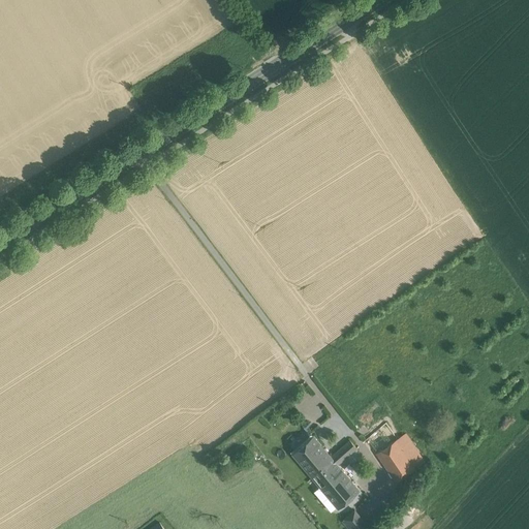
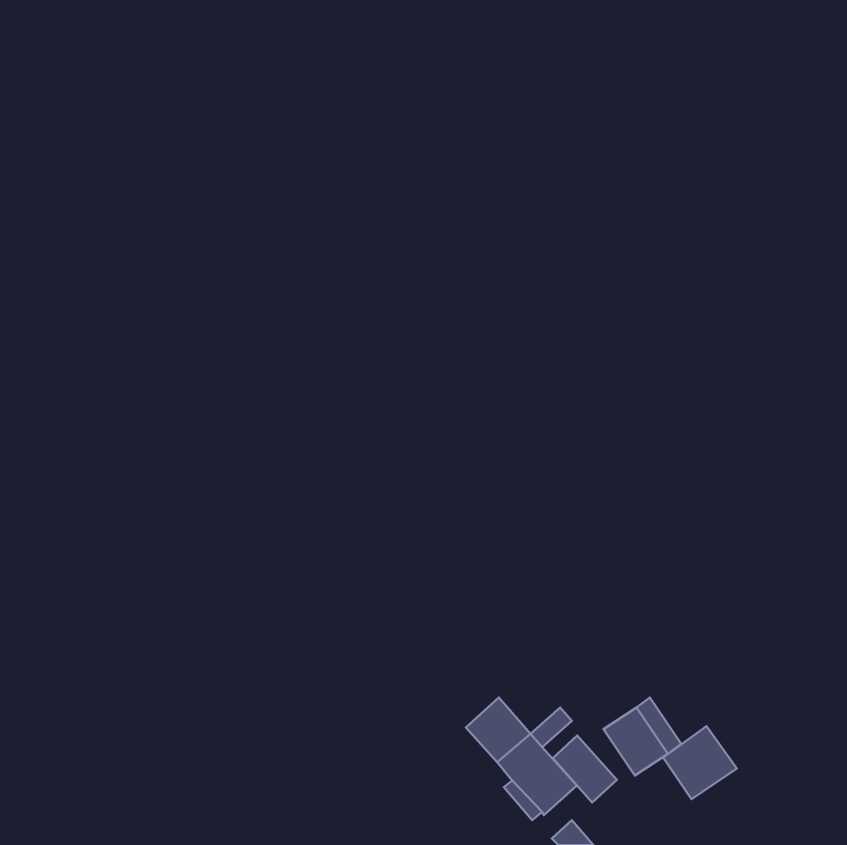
building: none -> [663,726,737,799]
building: none -> [553,735,617,803]

